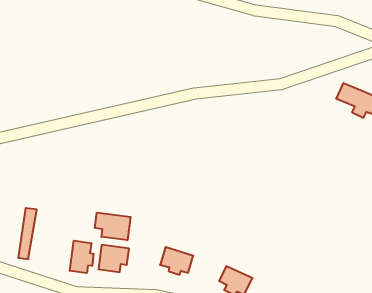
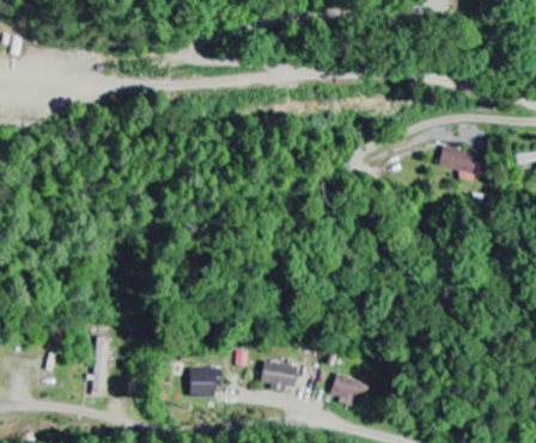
building: [95,213,131,240] -> none
building: [70,241,94,273] -> none

